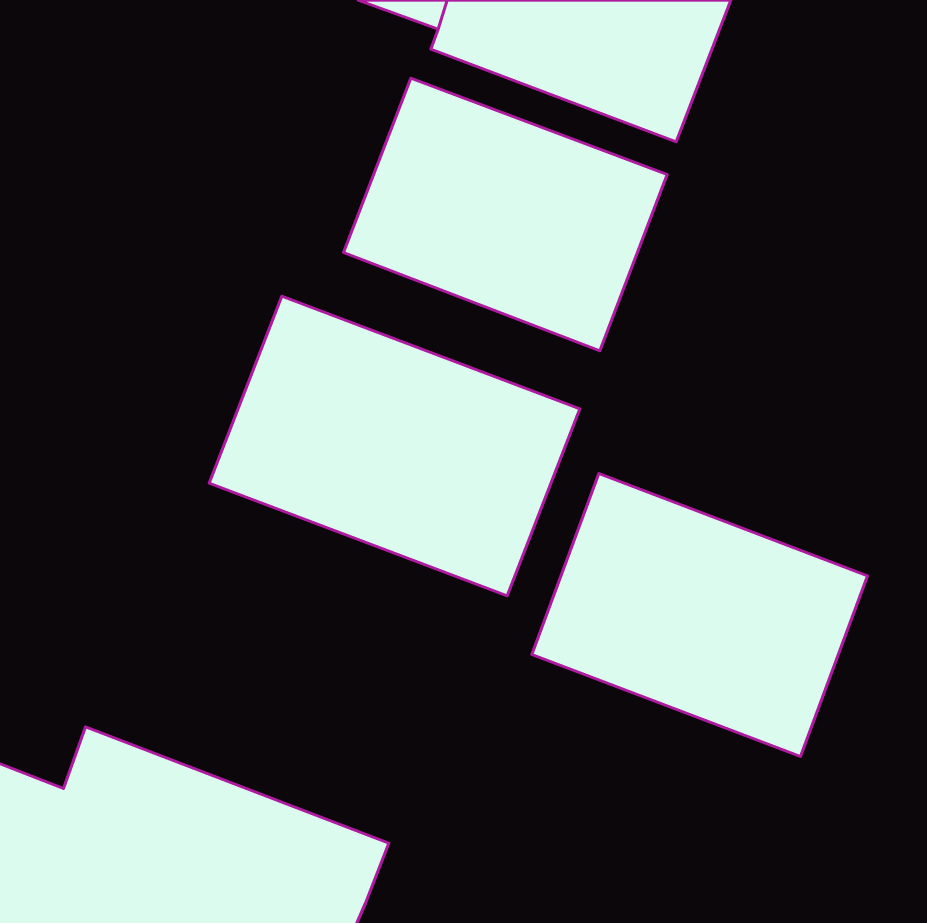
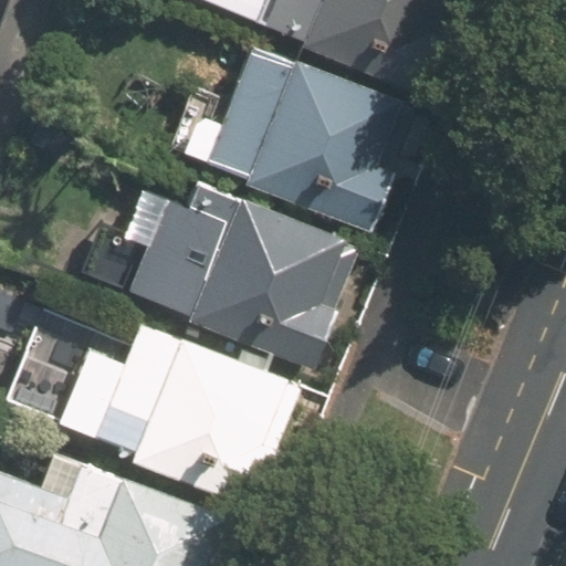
building: [532,474,867,757] -> none
building: none -> [9,321,297,494]

